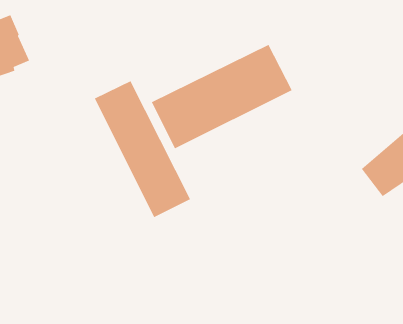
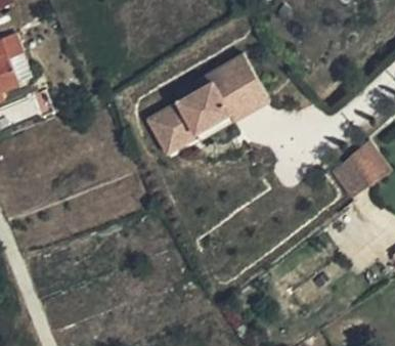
building: [94,80,191,218] -> none

